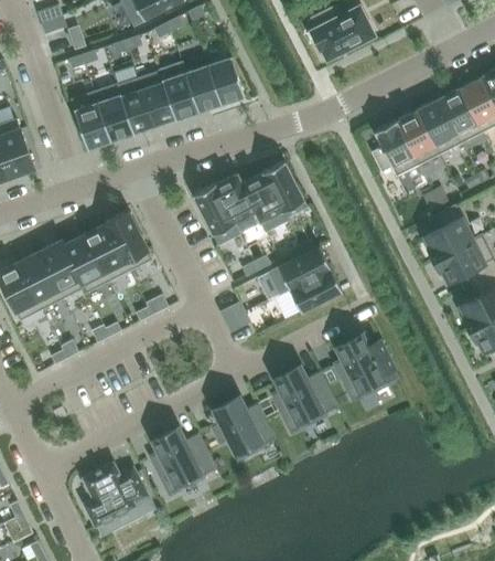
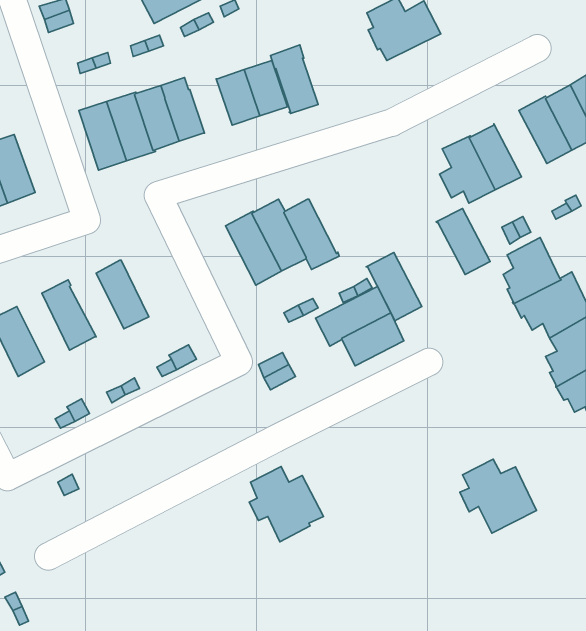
building: [159,63,198,120] -> [271,45,318,114]
building: [416,100,461,156] -> [436,208,490,275]
building: [261,162,308,220] -> [366,252,422,321]
building: [105,213,151,273] -> none
building: [63,236,108,294] -> none
building: [19,253,63,310] -> none
building: [334,336,398,398] -> [460,459,537,533]
building: [272,367,337,430] -> none
building: [151,430,216,491] -> none
building: [82,463,154,528] -> none

